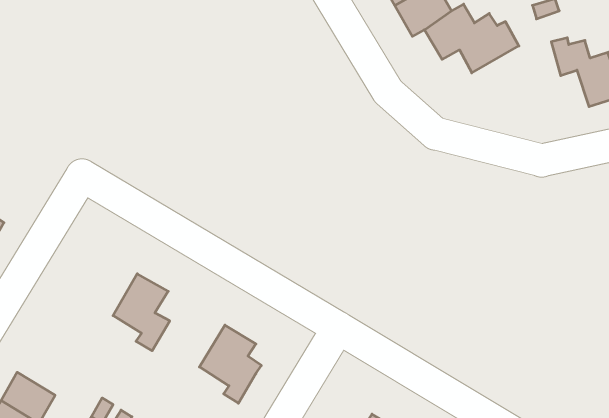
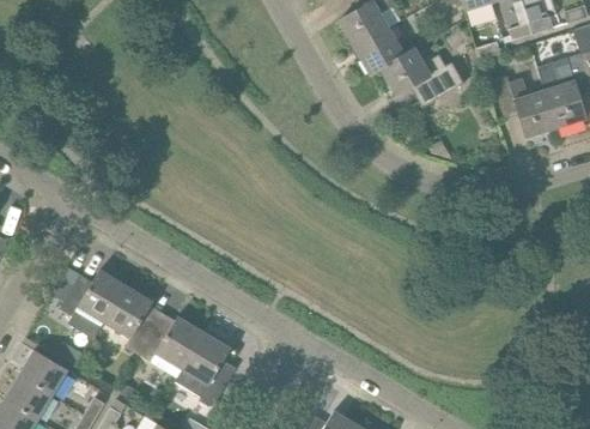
building: none -> [60,270,126,324]
building: none -> [139,316,203,369]
building: none -> [19,349,68,394]

